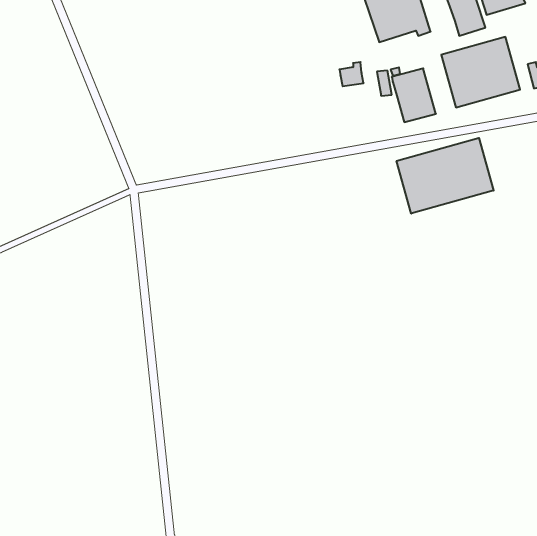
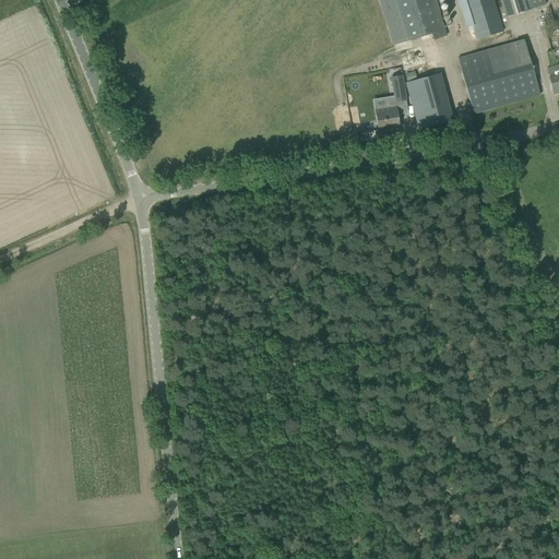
building: [339,62,364,86] -> [376,104,401,129]
building: [397,138,494,214] -> none

